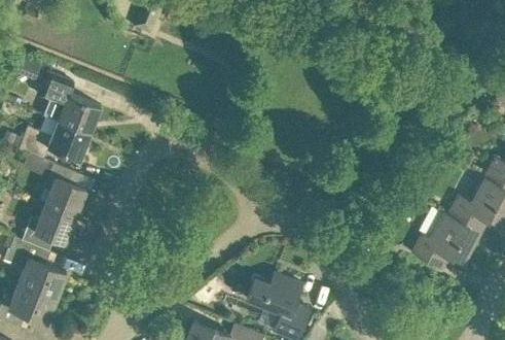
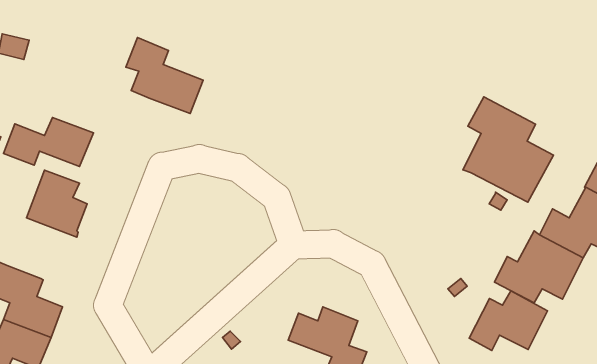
building: [39,73,101,134] -> [126,38,203,114]
building: none -> [463,97,554,202]
building: [22,205,77,250] -> none
building: none -> [469,291,548,350]

